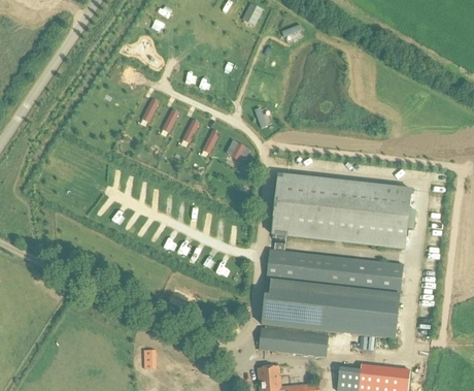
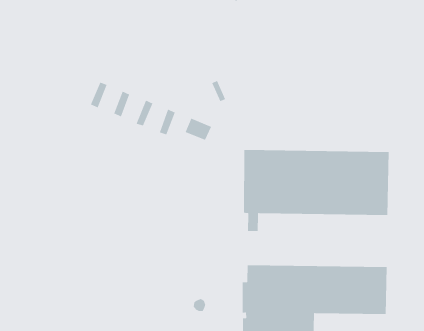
building: [266,248,404,293] -> none

